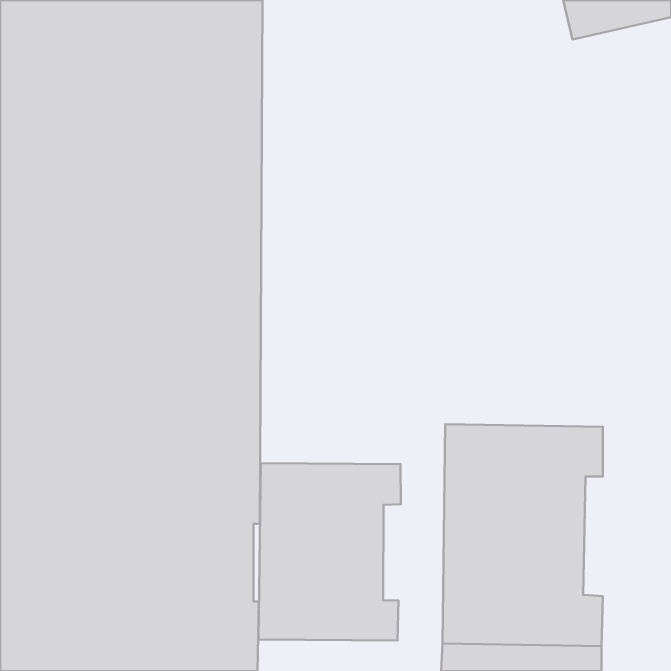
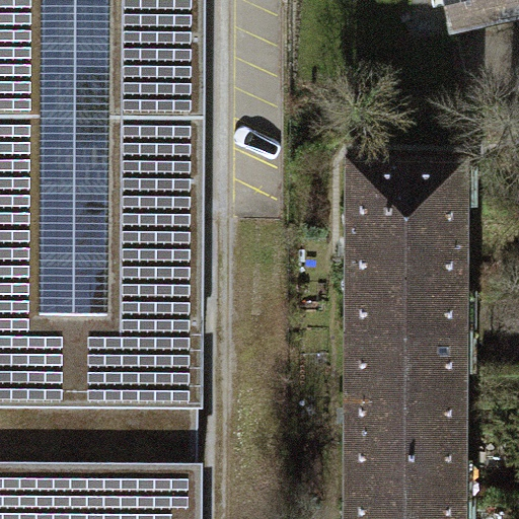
building: none -> [344,158,467,329]
building: [259,463,401,640] -> none

